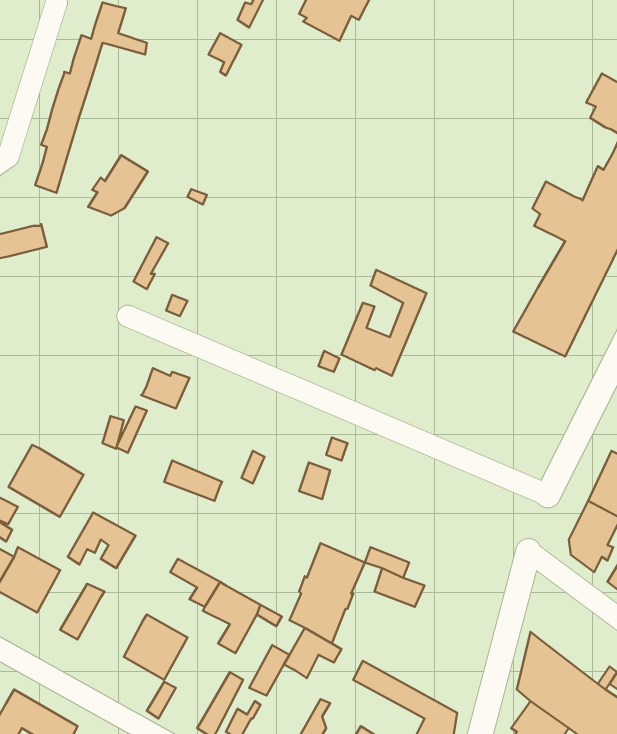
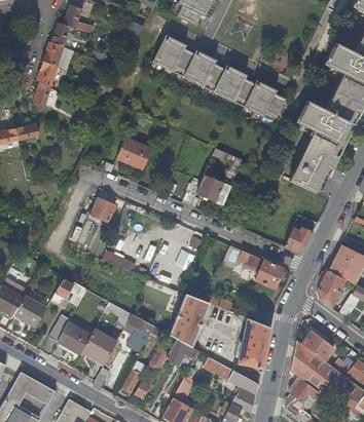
building: none -> [152,35,288,119]
building: [88,155,148,215] -> none
building: none -> [116,138,151,166]
building: none -> [284,216,317,251]
building: [9,445,84,517] -> none
building: none -> [223,245,284,287]
building: none -> [238,318,270,367]
building: none -> [56,321,90,356]
building: none -> [302,332,335,361]

